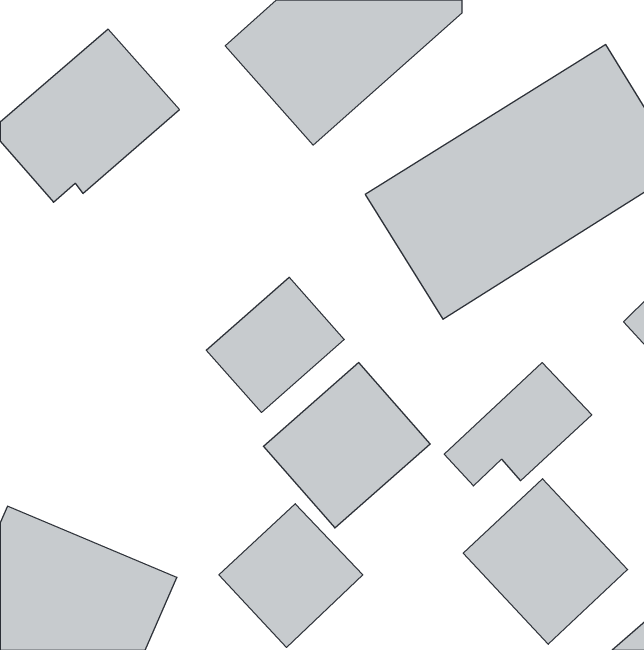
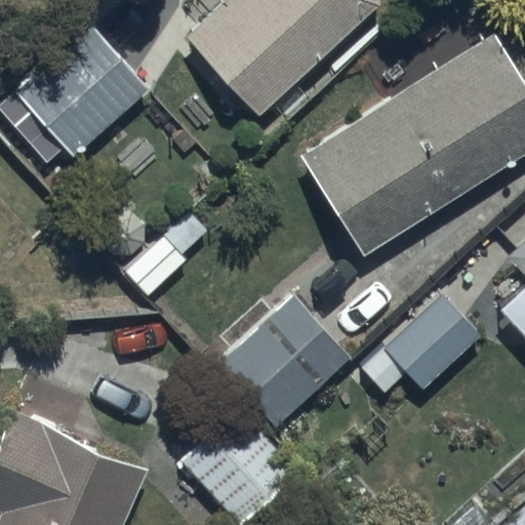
building: [206,277,344,412] -> none
building: [463,479,628,644] -> none

